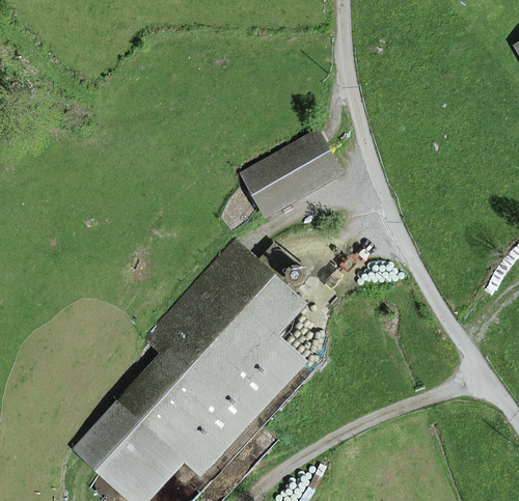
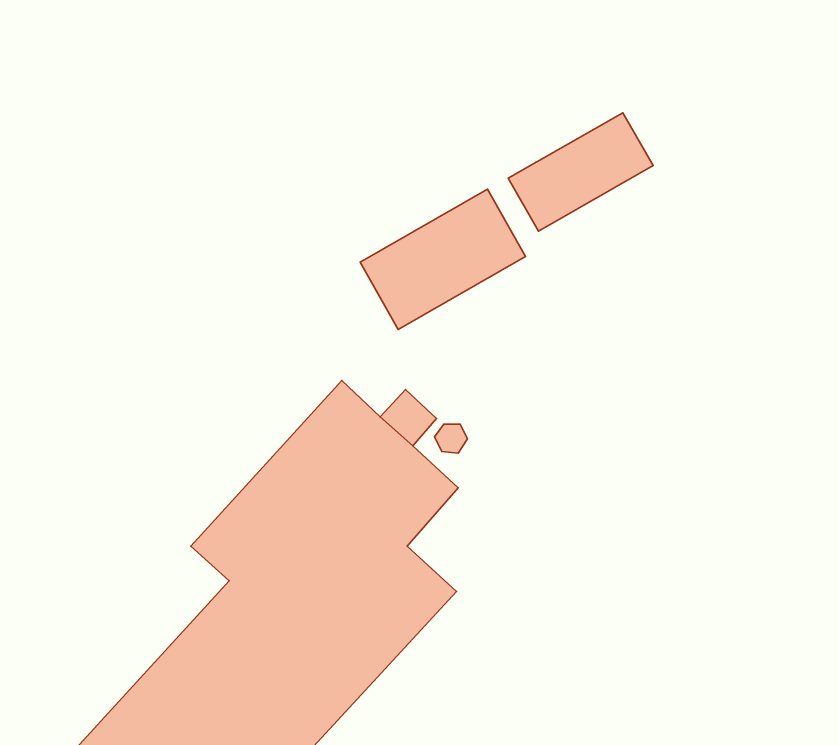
building: none -> [508,113,653,231]

